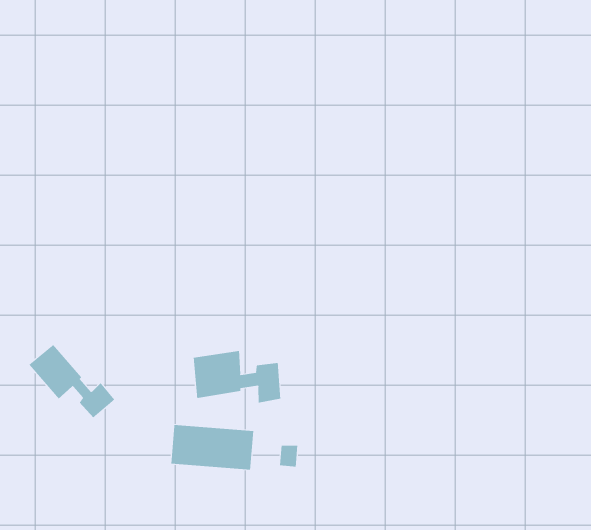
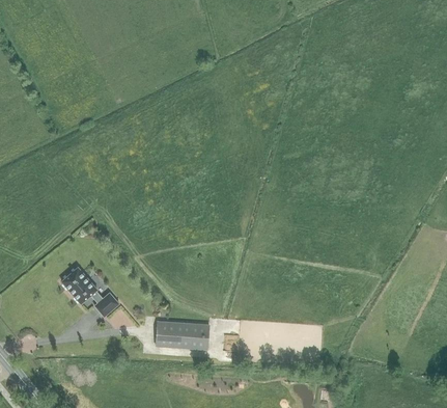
building: [193,350,281,404] -> none

